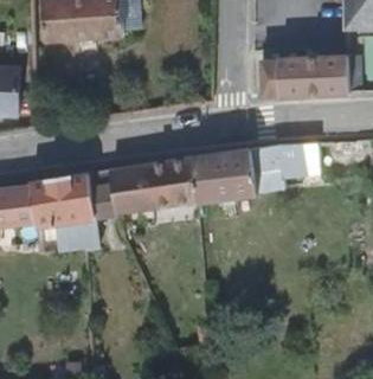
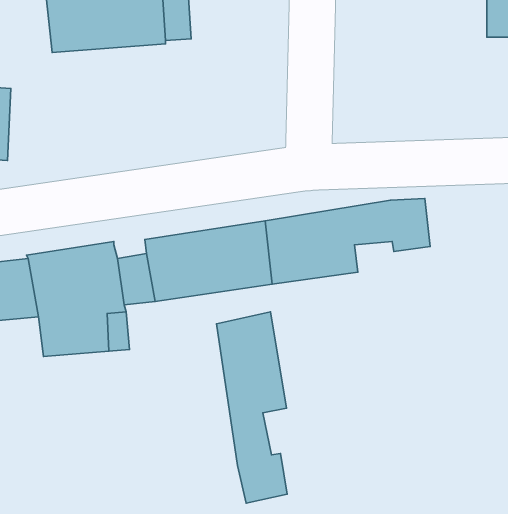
building: [263,57,352,98] -> none
building: none -> [217,312,287,503]

